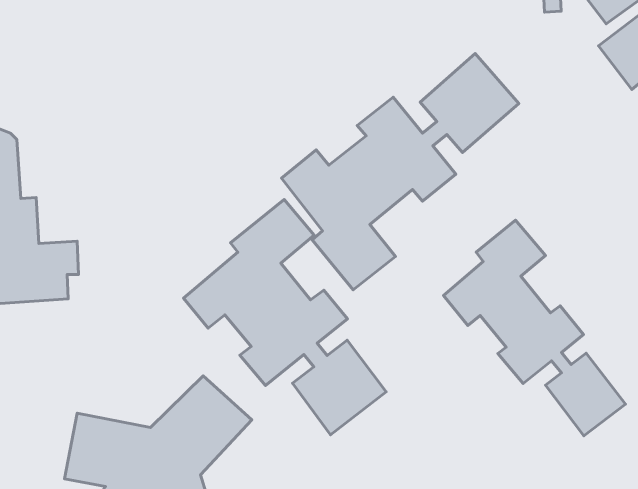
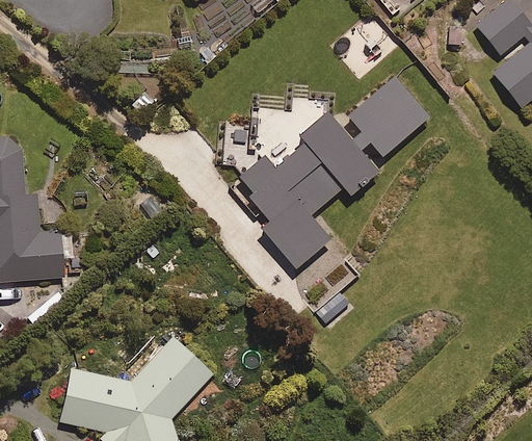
building: [184,199,386,435] -> none
building: [443,220,625,436] -> none

